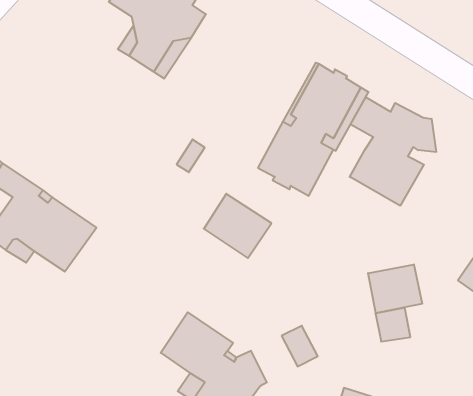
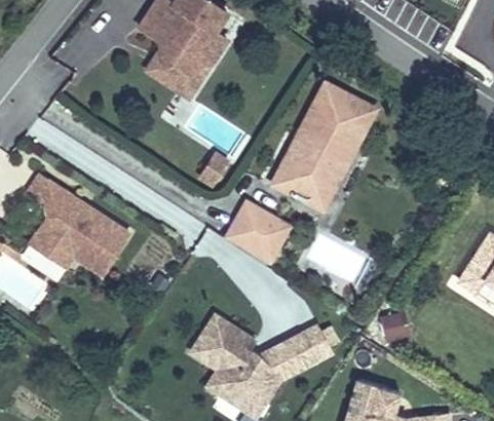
building: [350,97,436,206] -> none
building: [368,264,422,313] -> none
building: none -> [269,333,311,375]

